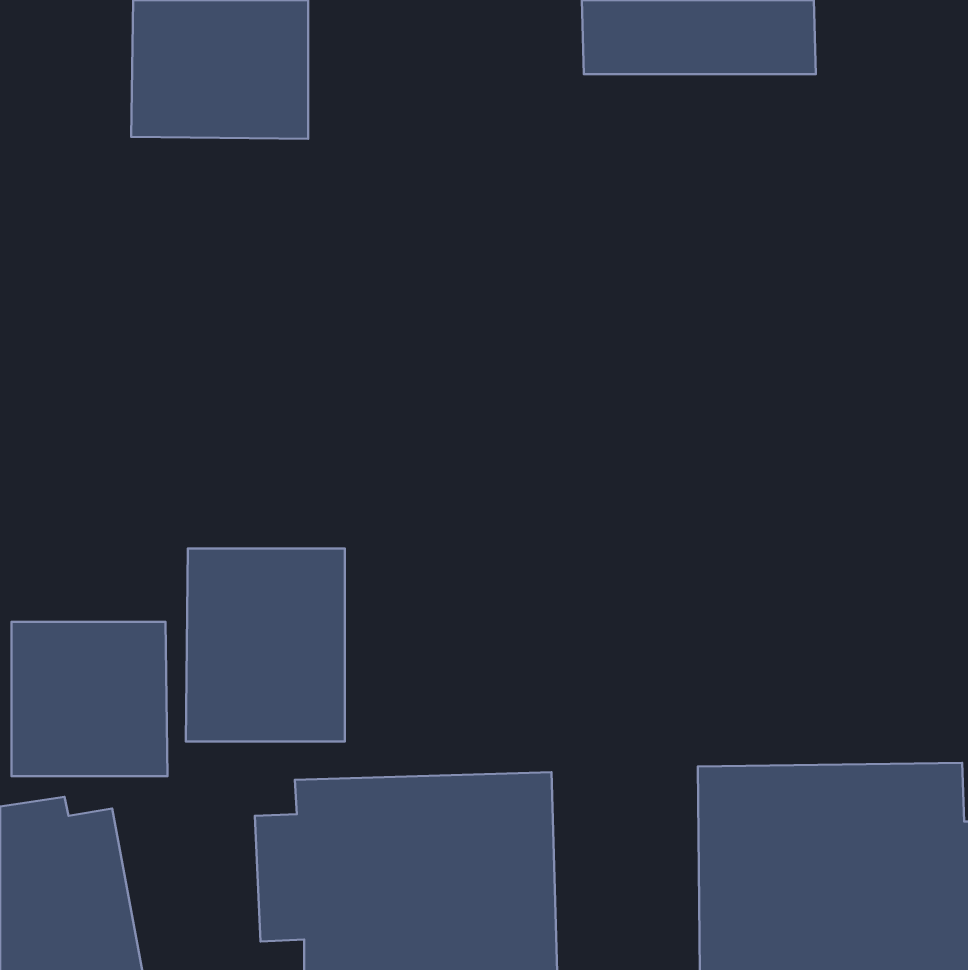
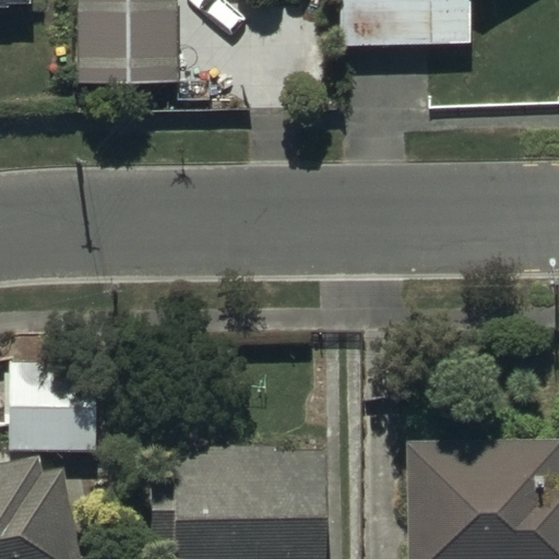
building: [186,548,345,742] -> none

